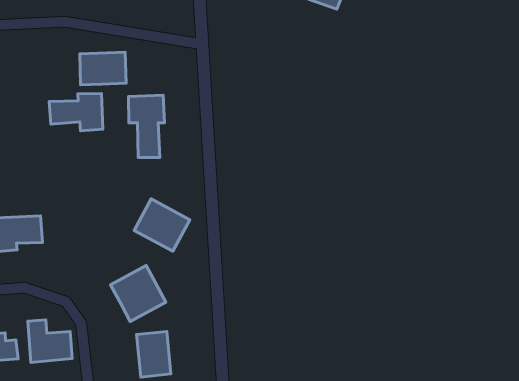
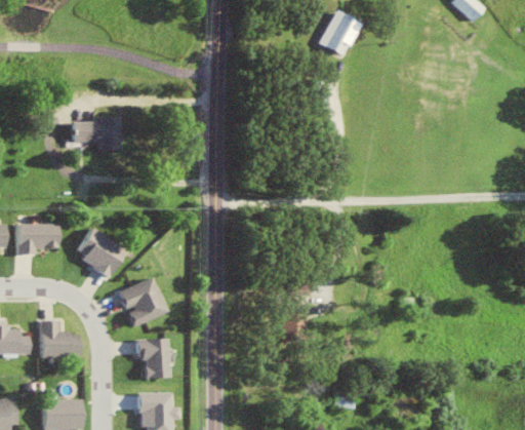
building: [80,52,126,85] -> none
building: [129,95,165,157] -> none
building: [134,199,190,251] -> [76,228,127,277]

